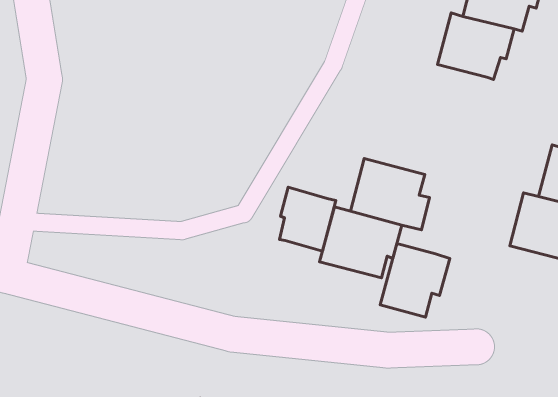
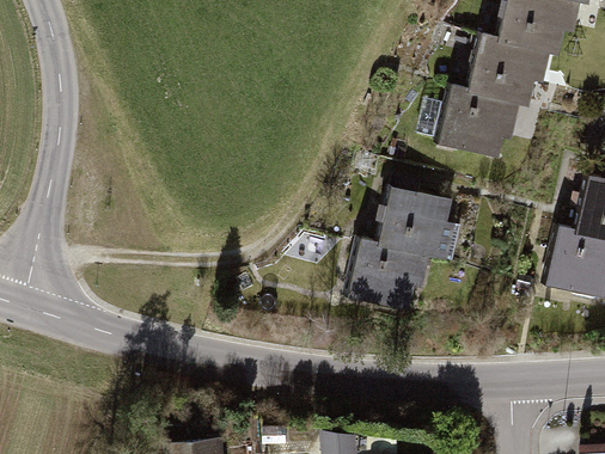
building: none -> [439,86,520,157]
building: [280,187,336,251] -> none
building: [380,243,450,317] -> none

